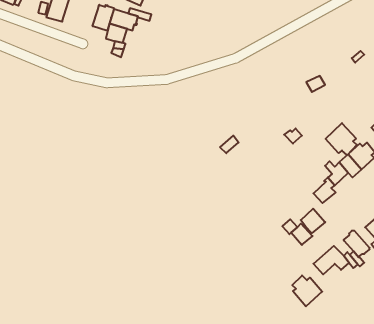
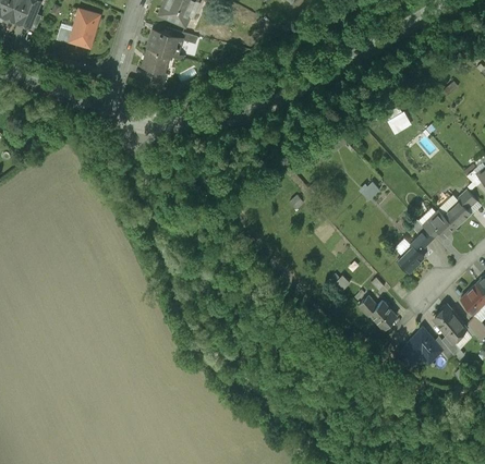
building: [93,5,114,31] -> none
building: [326,123,357,155] -> none
building: [301,209,325,233] -> none
building: [292,275,322,306] -> none

